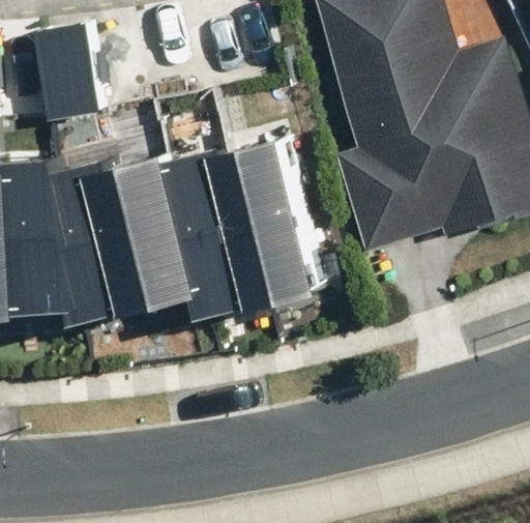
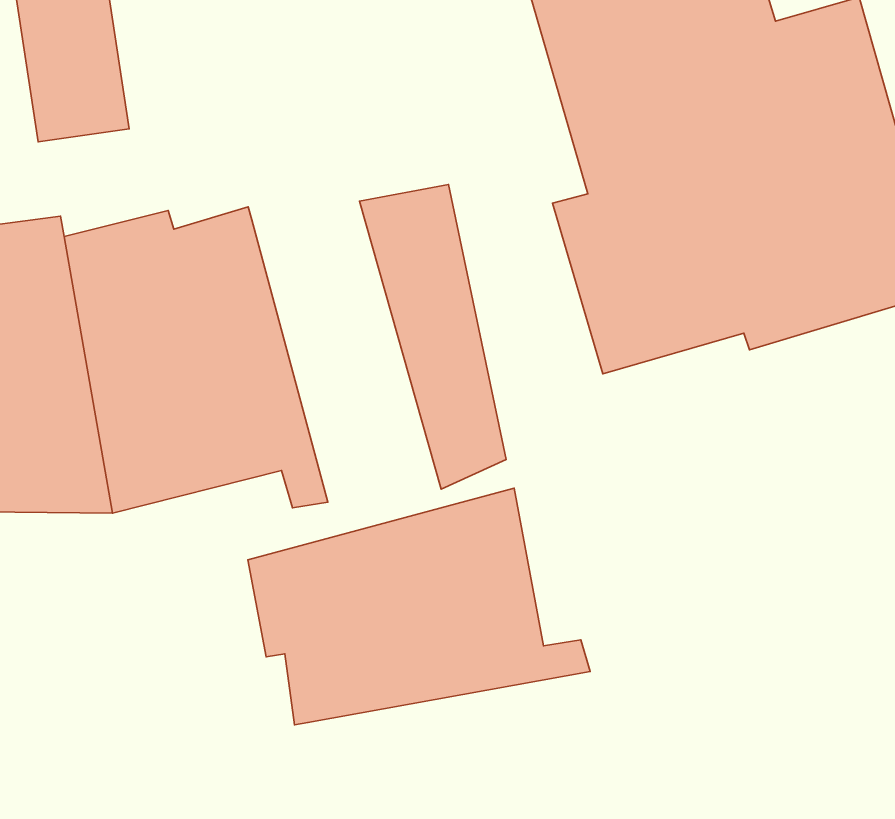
building: [169,150,274,318] -> none
building: none -> [248,488,590,725]

